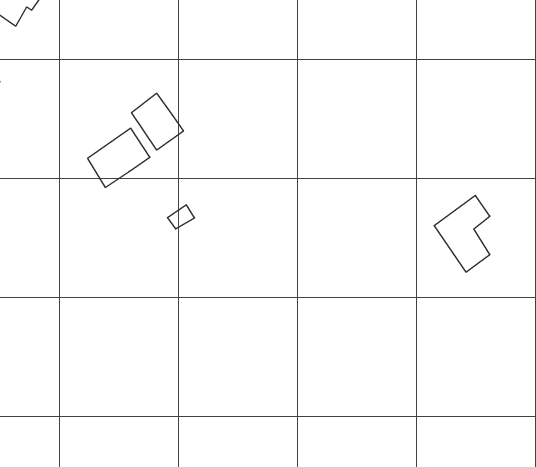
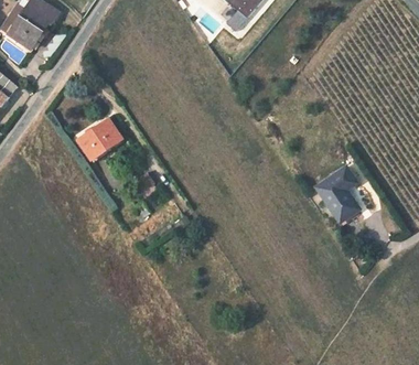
building: [132,93,183,150] -> none

